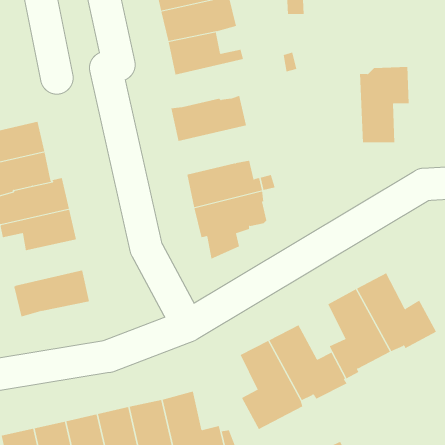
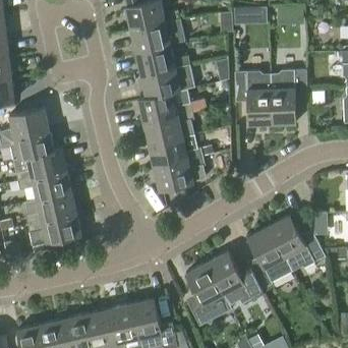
building: none -> [140,64,194,98]
building: none -> [234,71,273,124]
building: none -> [142,111,193,146]
building: none -> [23,191,75,225]

